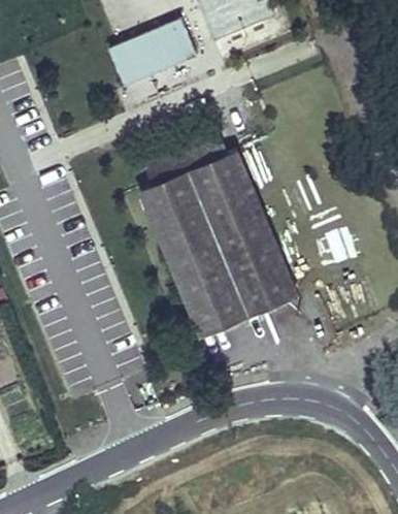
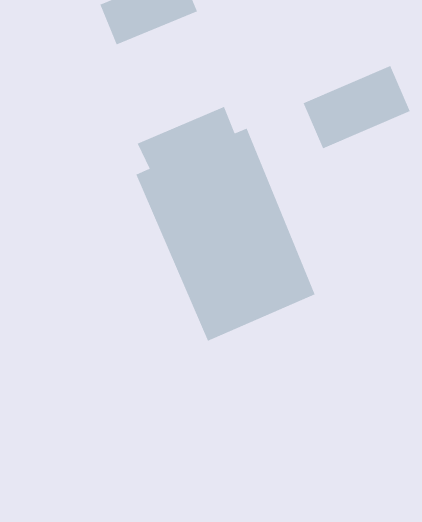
building: none -> [303,65,410,149]

